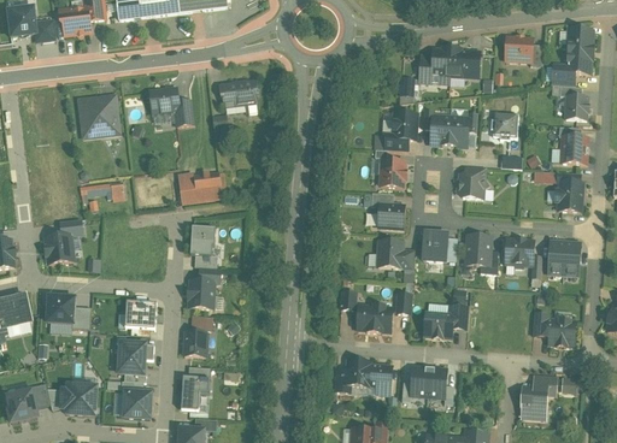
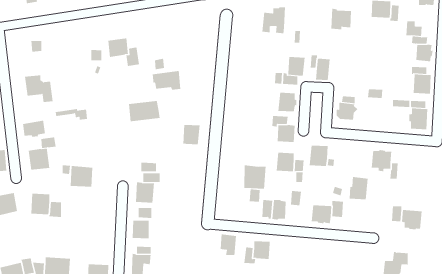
building: [564,42,592,72] -> none
building: [418,47,451,83] -> [262,7,286,34]
building: [218,79,258,106] -> [152,71,181,90]
building: [78,96,118,134] -> [24,75,54,103]
building: [489,111,517,138] -> none
building: [447,116,468,146] -> none
building: none -> [22,120,45,137]
building: [190,228,215,255] -> [182,124,200,145]
building: [464,234,490,265] -> [349,177,368,200]
building: [547,238,582,276] -> none
building: none -> [244,165,266,190]
building: [123,299,154,327] -> [70,166,93,187]
building: [116,341,147,376] -> none
building: [368,364,390,392] -> [220,234,237,255]
building: [410,364,448,398] -> none

